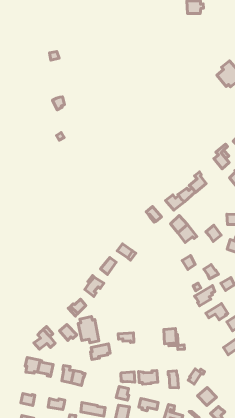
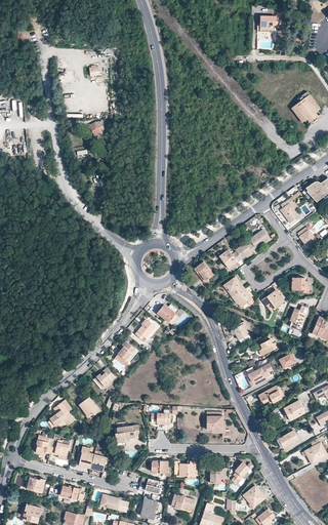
building: [78,316,99,343] -> none

